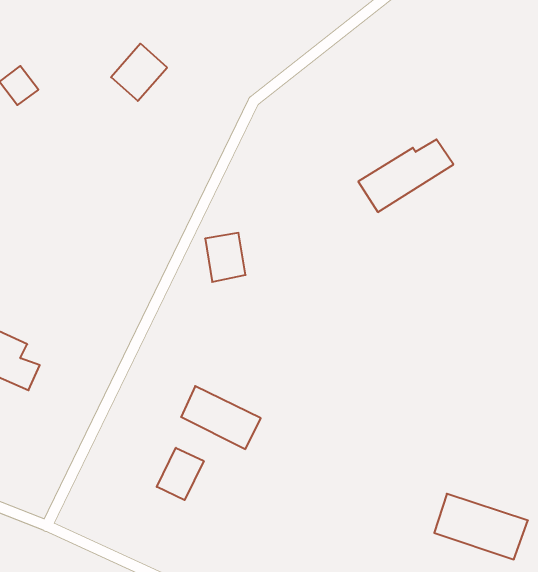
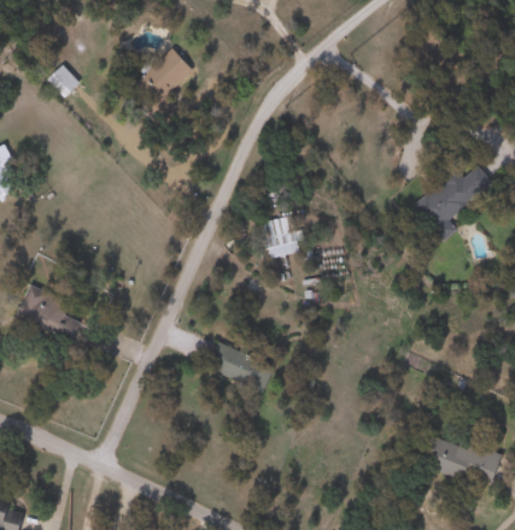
building: [358,139,453,212] -> [412,166,494,229]
building: [205,233,246,282] -> [263,216,298,258]
building: [157,448,204,500] -> none

